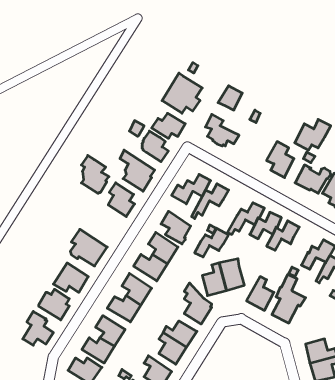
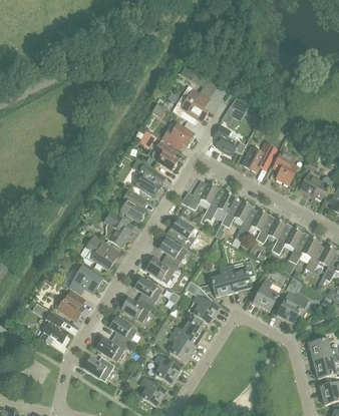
building: [295,119,331,150] -> [242,142,276,171]
building: [81,155,109,193] -> [104,211,130,247]
building: [195,228,228,257] -> [220,199,252,227]
building: none -> [287,235,319,263]

